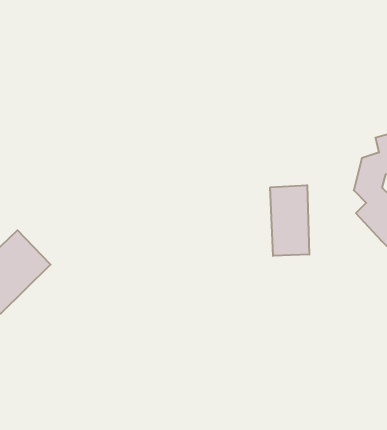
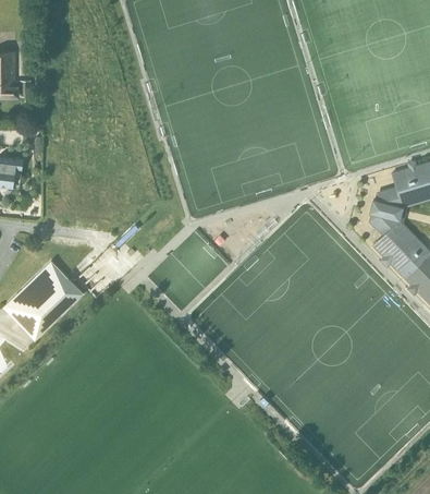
building: [270,185,309,256] -> none

